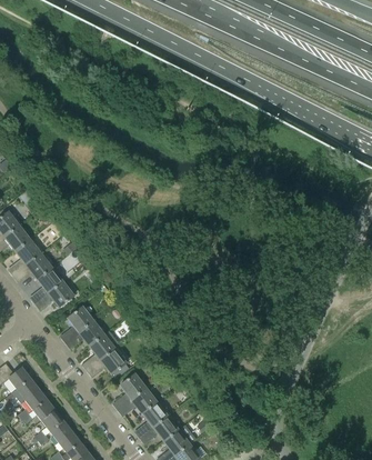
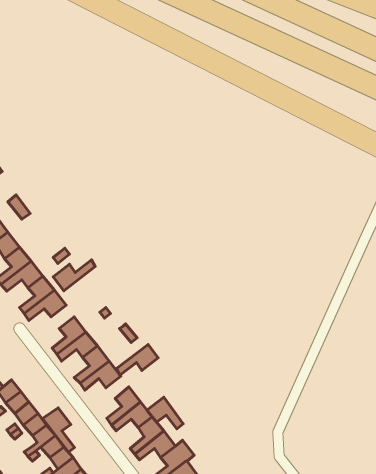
building: none -> [53,260,95,291]
building: none -> [117,344,158,375]
building: none -> [147,397,183,429]
building: none -> [43,408,75,452]

